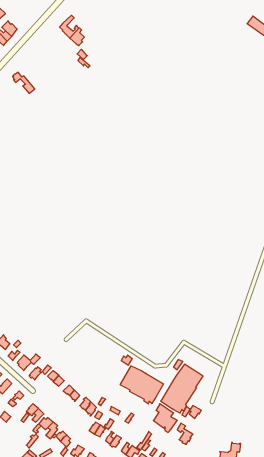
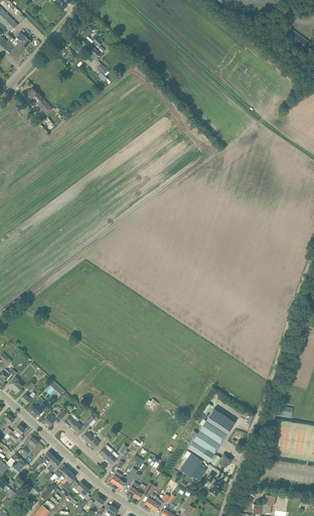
building: [120,366,163,404] -> none

